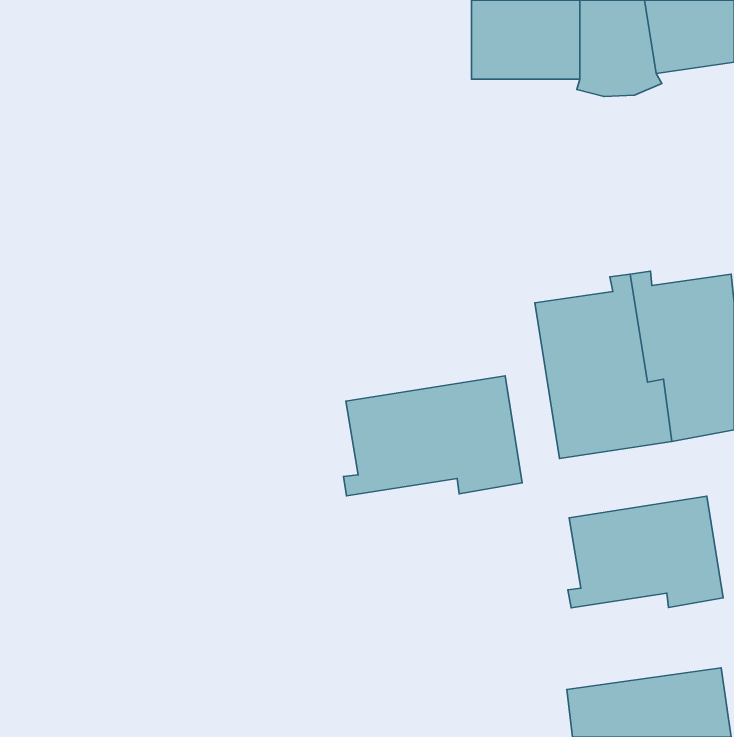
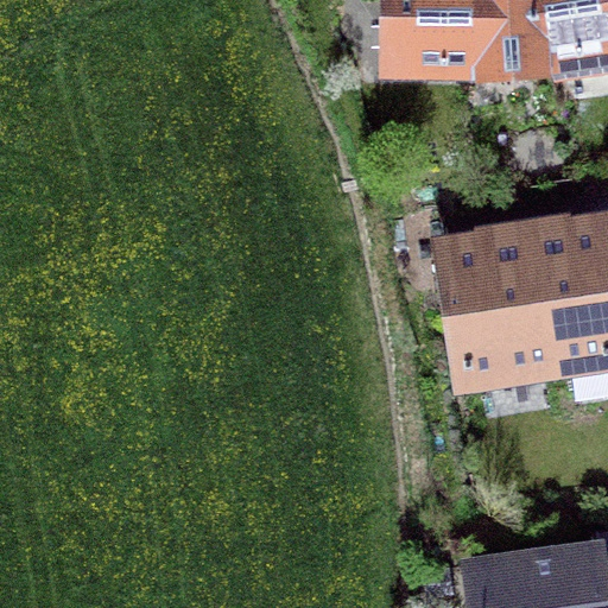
building: [343,376,522,496] -> none
building: [568,496,723,608] -> none

